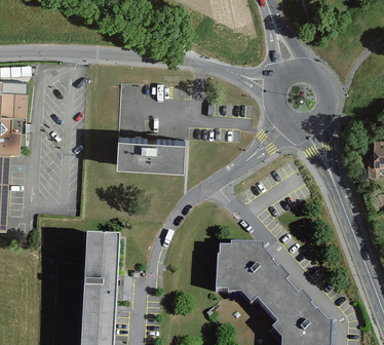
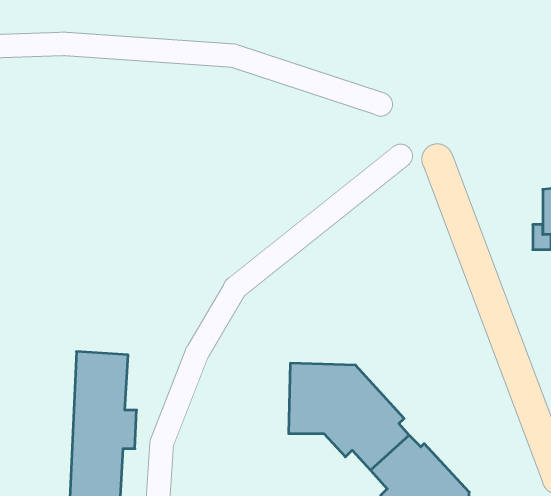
building: [116,136,183,166] -> none

